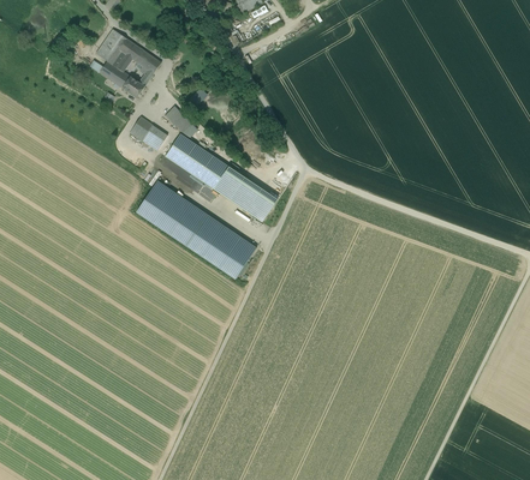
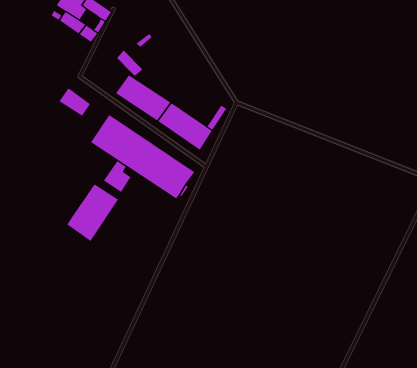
building: [130,116,167,150] -> [59,88,91,117]
building: none -> [103,160,131,193]
building: none -> [66,184,119,242]

